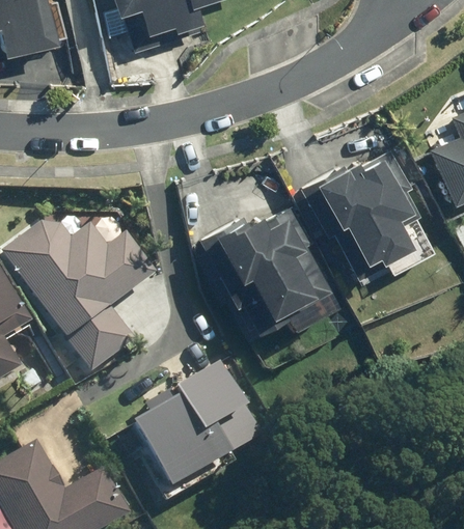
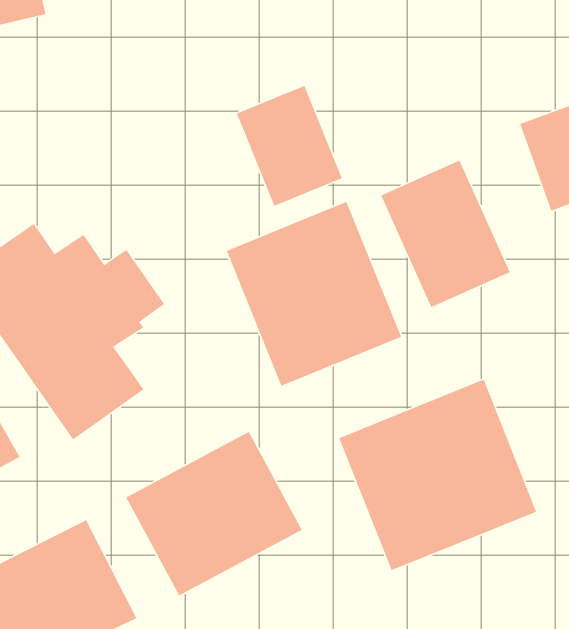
building: none -> [236,85,343,207]
building: none -> [338,379,537,571]

